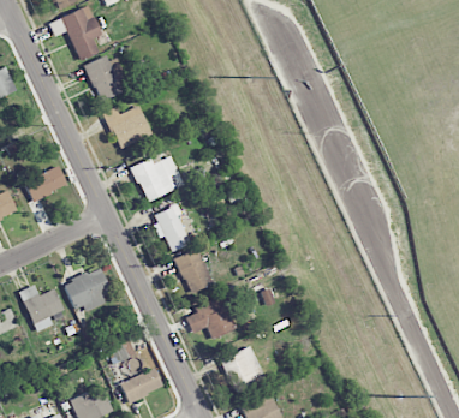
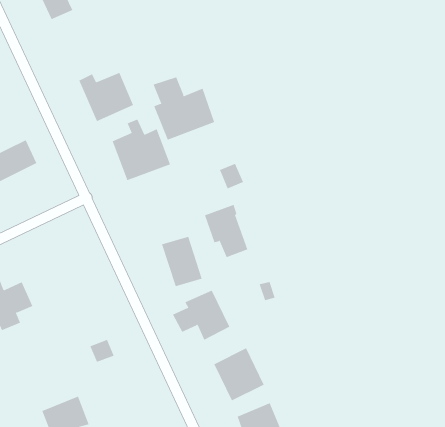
building: [84,55,127,101] -> none
building: none -> [153,76,215,140]
building: [151,204,190,251] -> [204,204,248,258]
building: [64,268,112,310] -> none
building: [119,368,163,402] -> none

